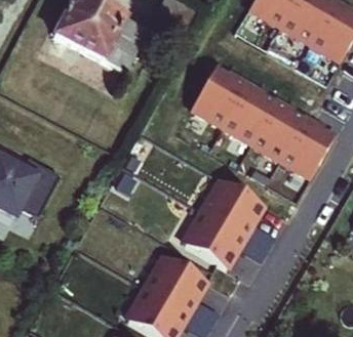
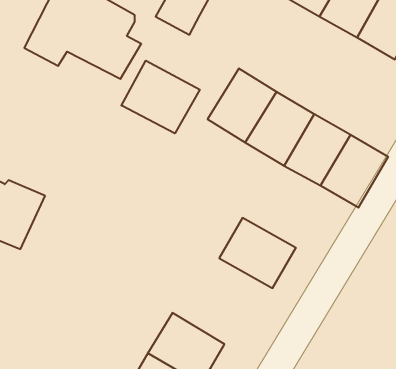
building: none -> [121,61,200,133]
building: [184,215,244,270] -> none

